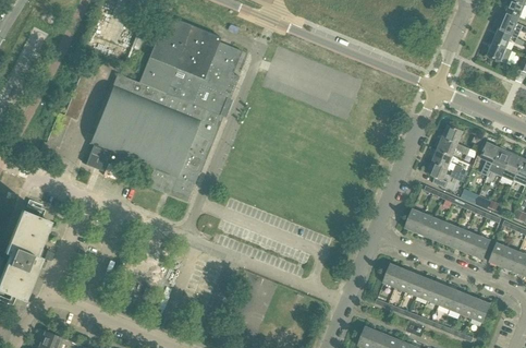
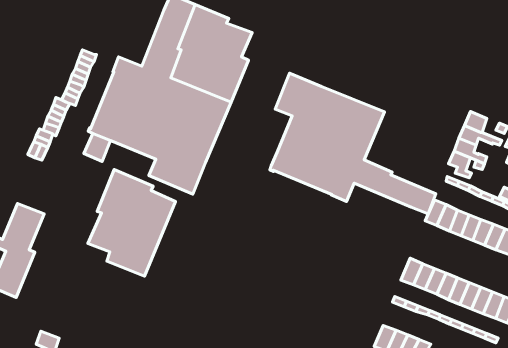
building: none -> [270,73,436,214]
building: none -> [88,170,176,276]

